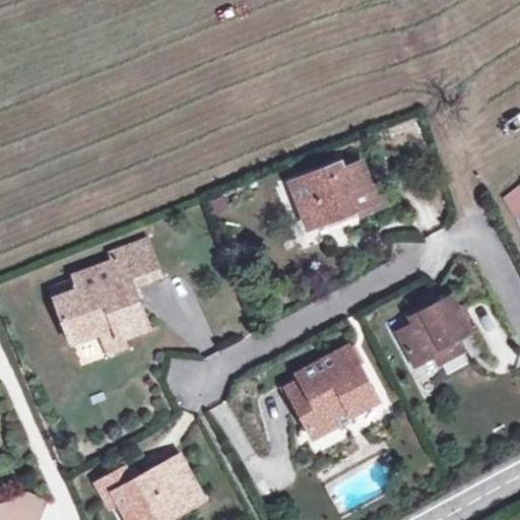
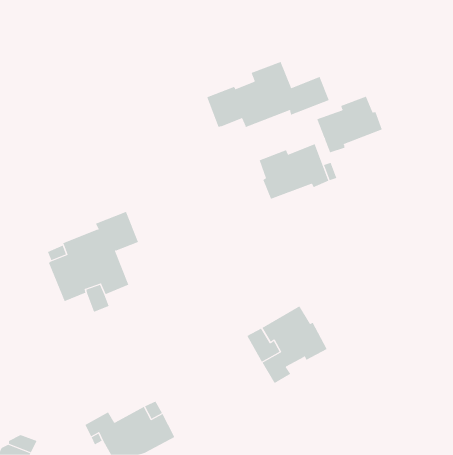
building: none -> [207,61,329,128]
building: none -> [317,96,382,153]
building: [396,298,468,365] -> none

